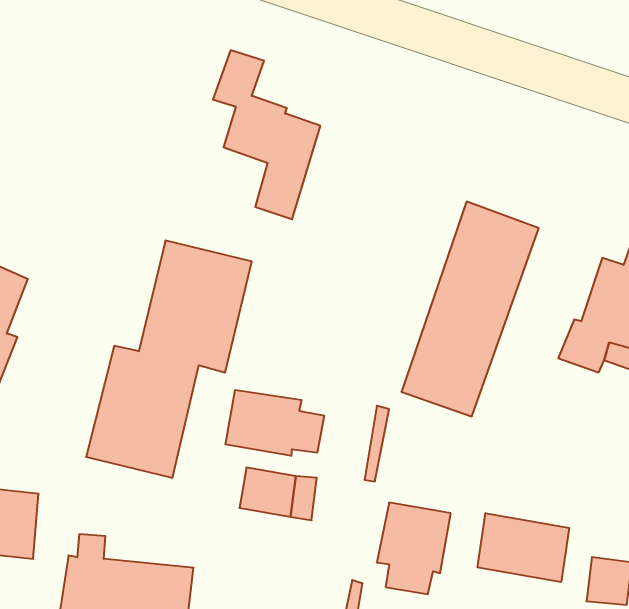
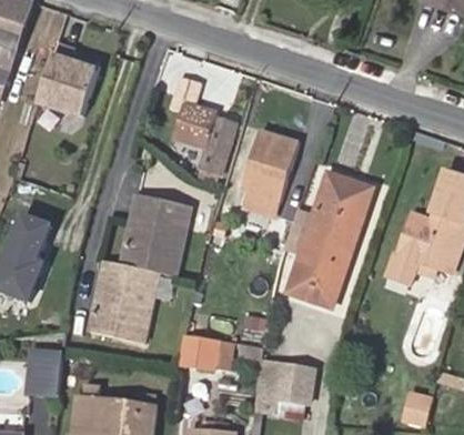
building: none -> [41,52,100,112]
building: none -> [241,129,299,216]
building: [225,390,324,456] -> none
building: [478,513,569,582] -> none

